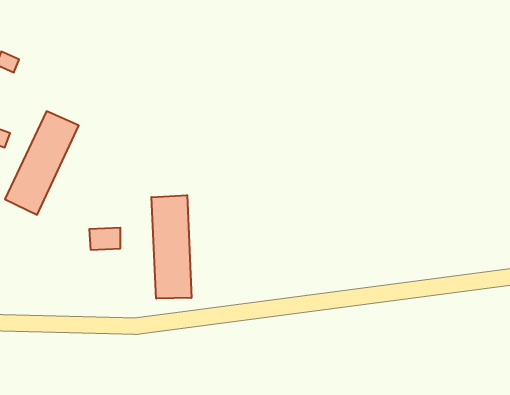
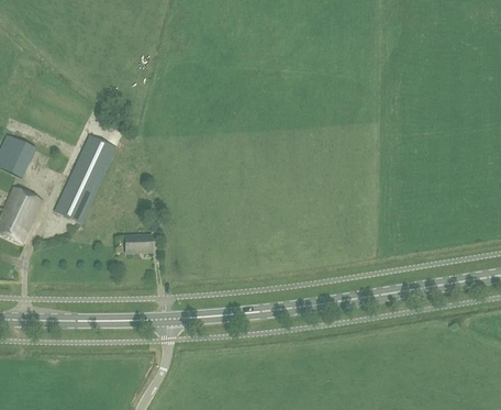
building: [151,195,191,299] -> none

